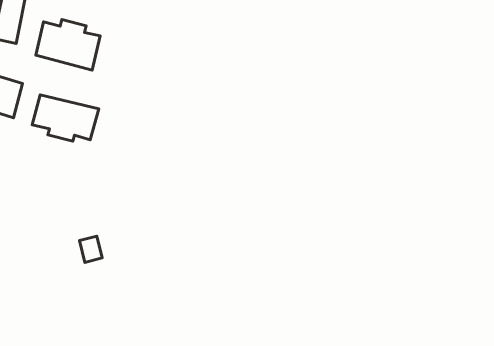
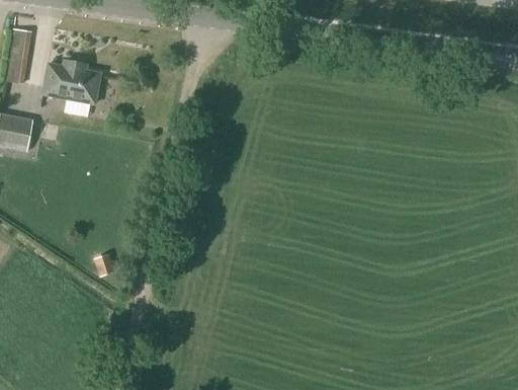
building: [32,95,99,141] -> none

